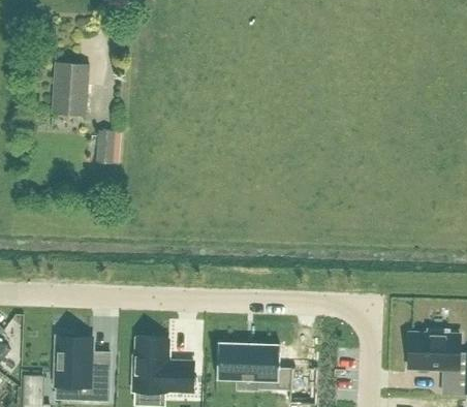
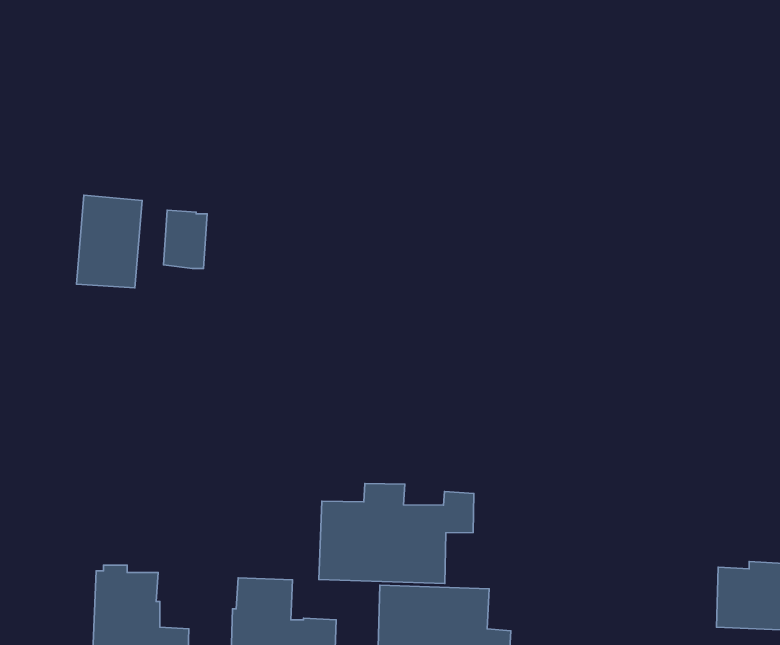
building: [52,64,89,117] -> [77,195,142,288]
building: none -> [319,484,474,584]

